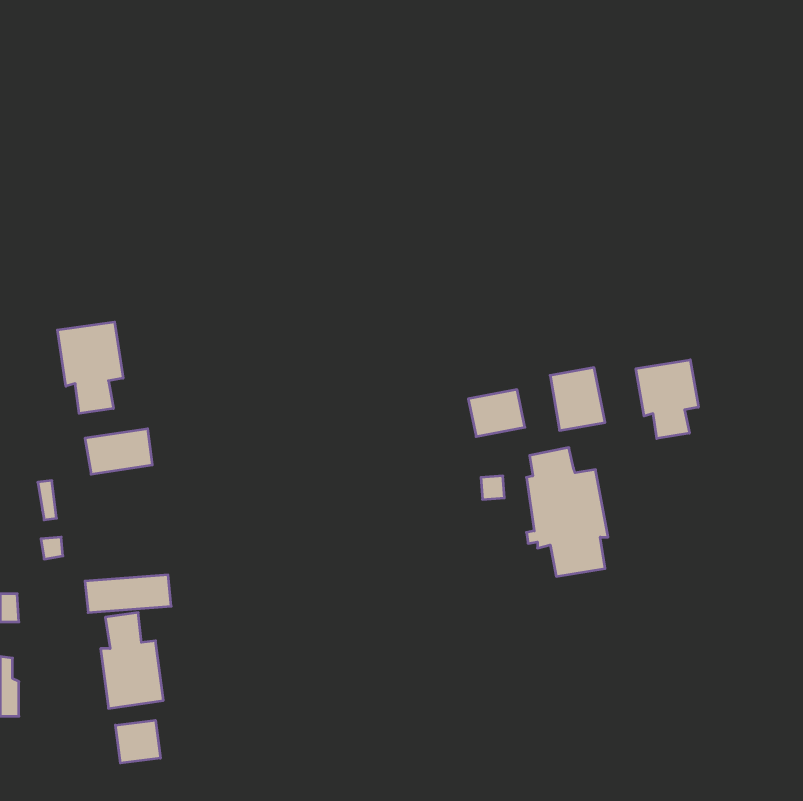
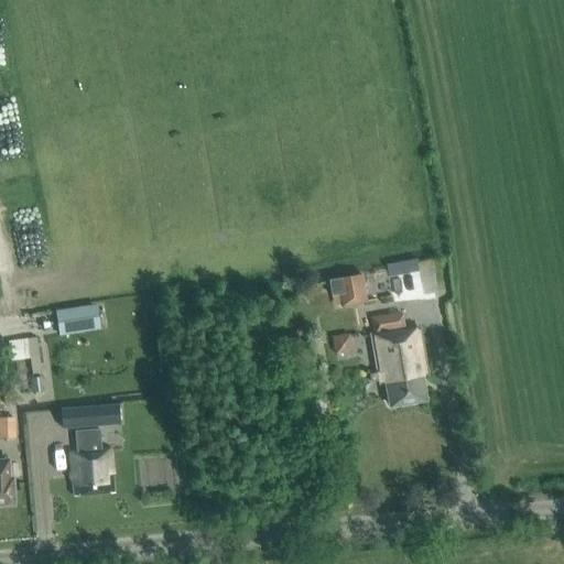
building: [57,322,123,413] -> none
building: [636,360,698,439] -> none
building: [115,720,160,763] -> none

